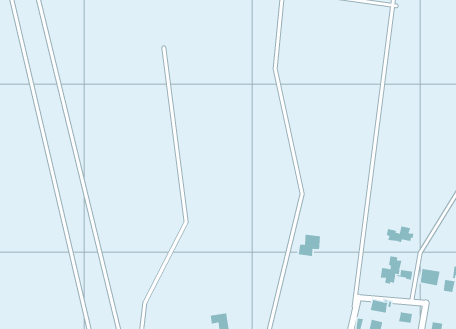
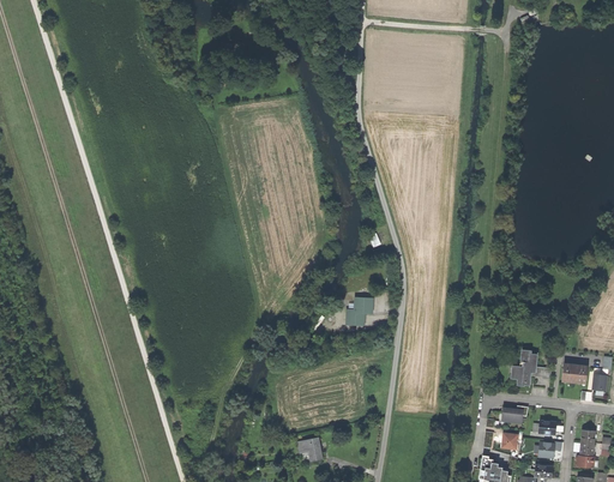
building: [386,225,414,243] -> none
building: [298,234,321,257] -> [345,296,373,325]

